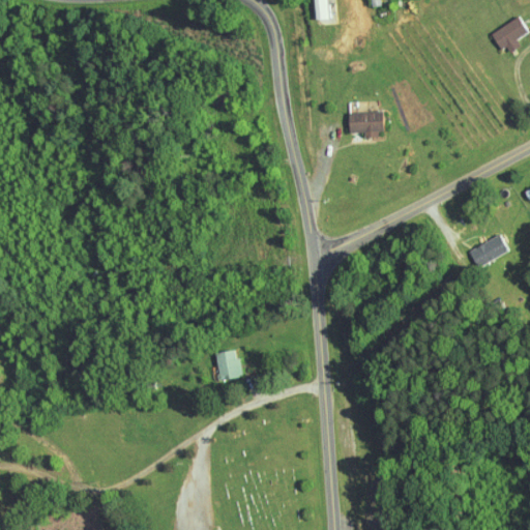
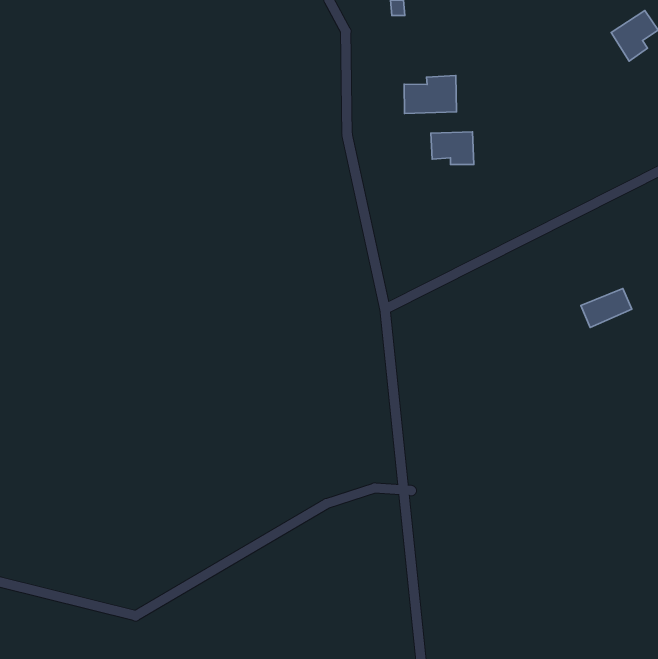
building: none -> [404,75,456,113]
building: [215,350,243,380] -> none

